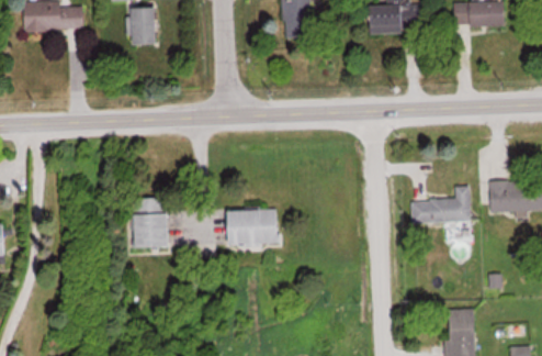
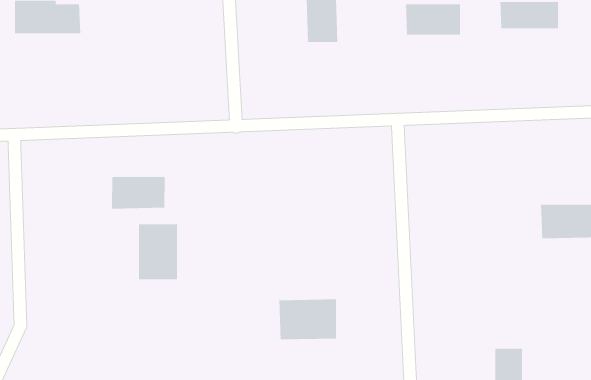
building: [133,8,157,46] -> none
building: none -> [112,176,165,210]
building: [411,186,470,223] -> none
building: [226,210,278,246] -> [279,299,337,340]

